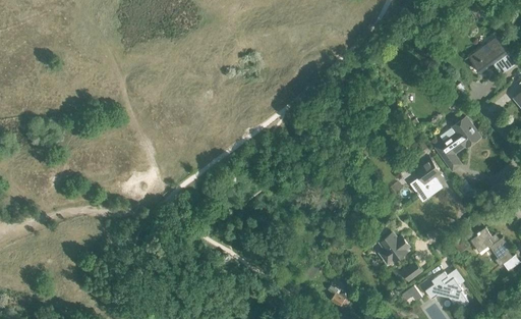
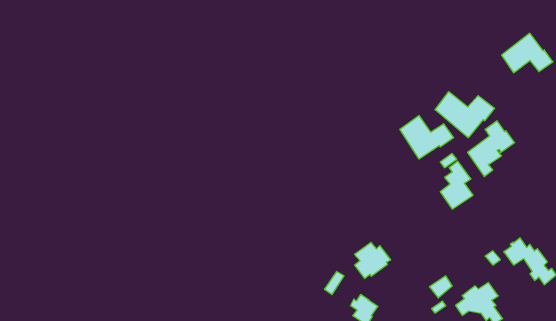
building: none -> [435,92,495,138]
building: none -> [400,115,454,159]
building: [378,231,411,265] -> [355,242,391,278]

